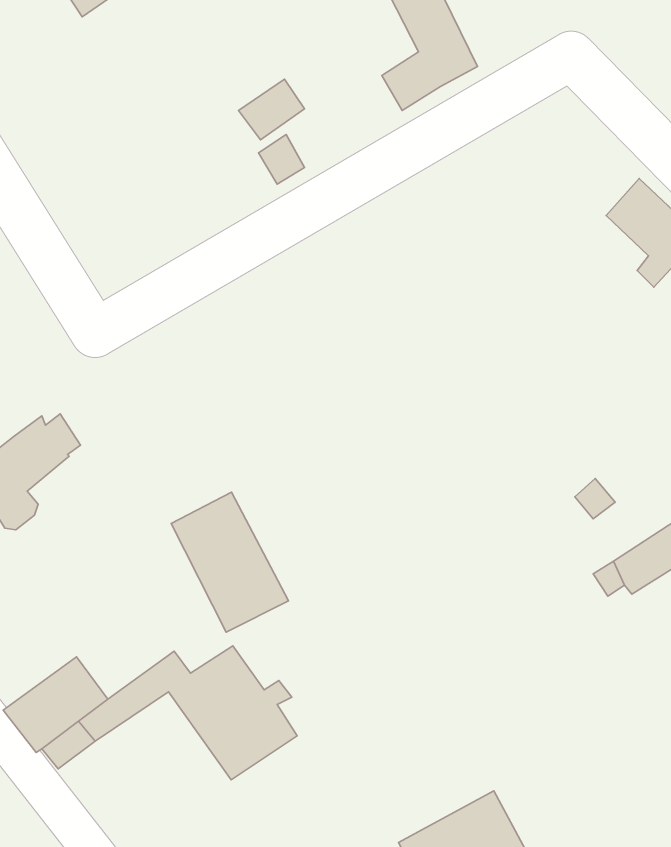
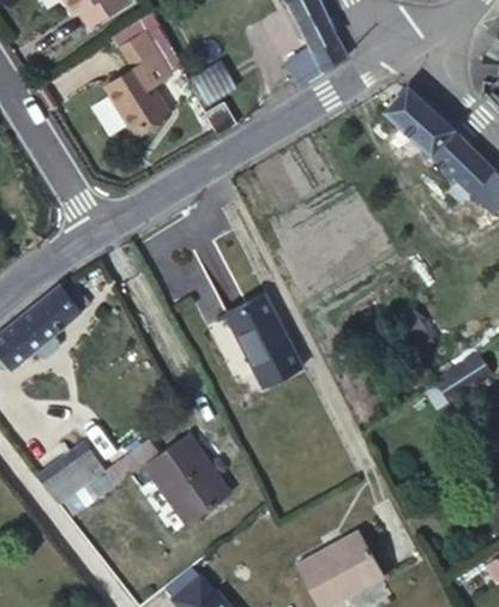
building: none -> [106,32,172,133]
building: none -> [386,89,453,155]
building: [171,492,289,632] -> [227,294,303,385]

